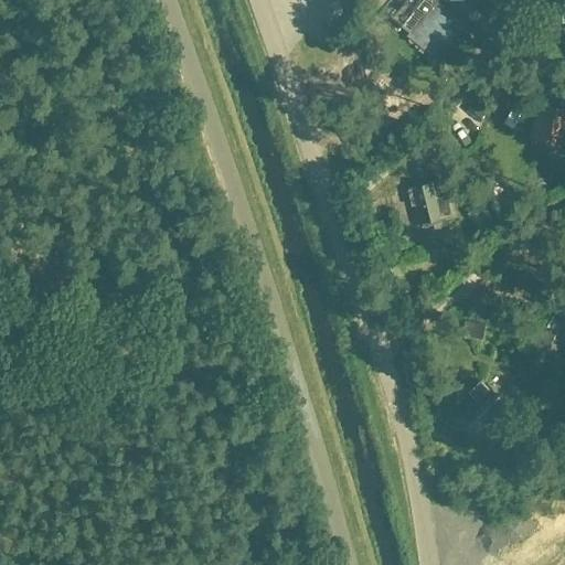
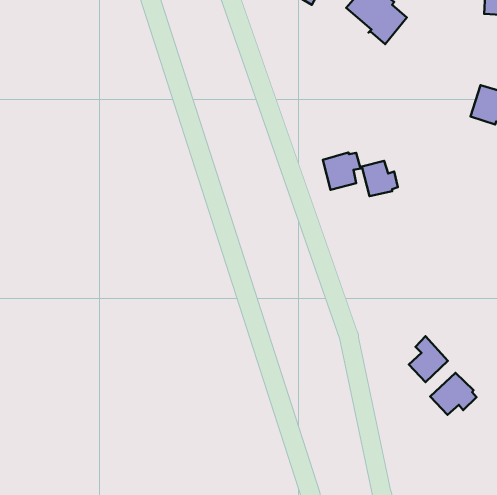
building: none -> [323,152,360,190]
building: none -> [430,373,476,415]

